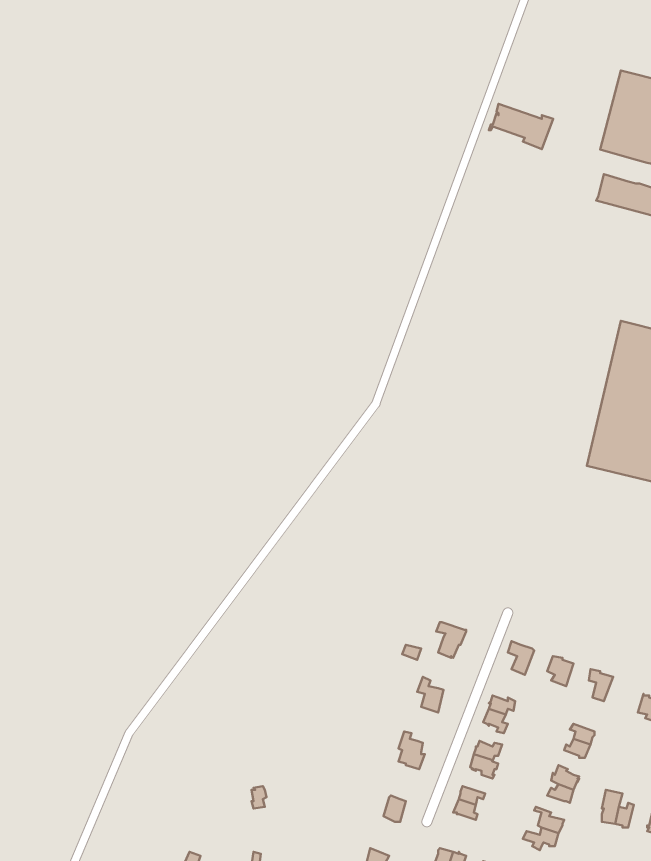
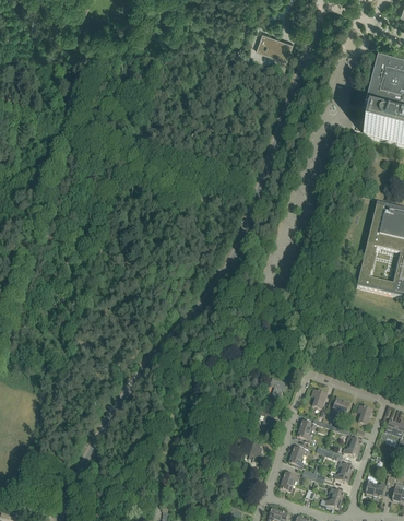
building: [489,104,553,149] -> [256,33,293,59]

